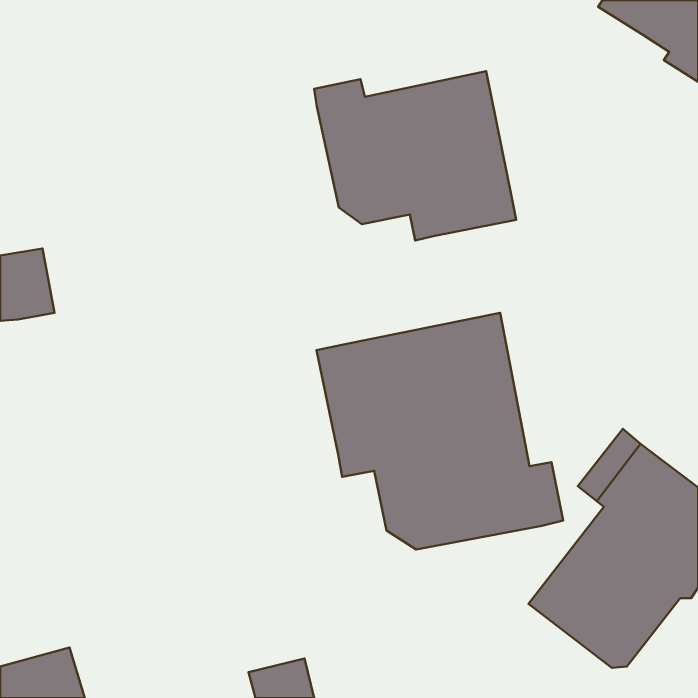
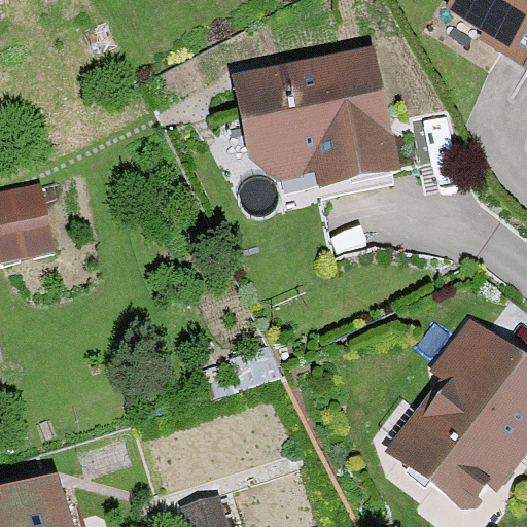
building: [316,313,563,550] -> none

